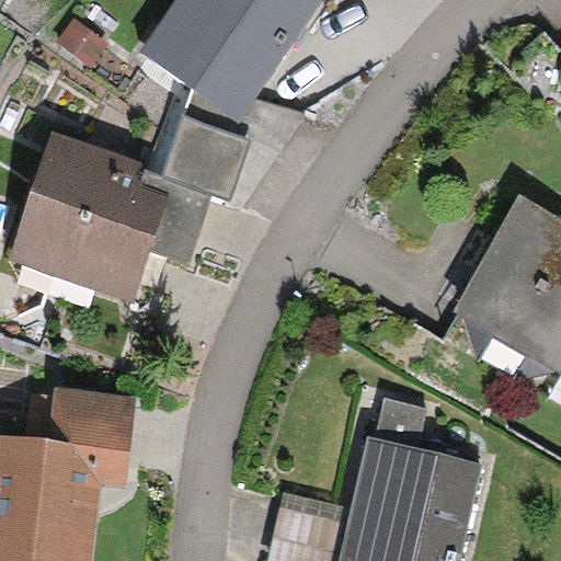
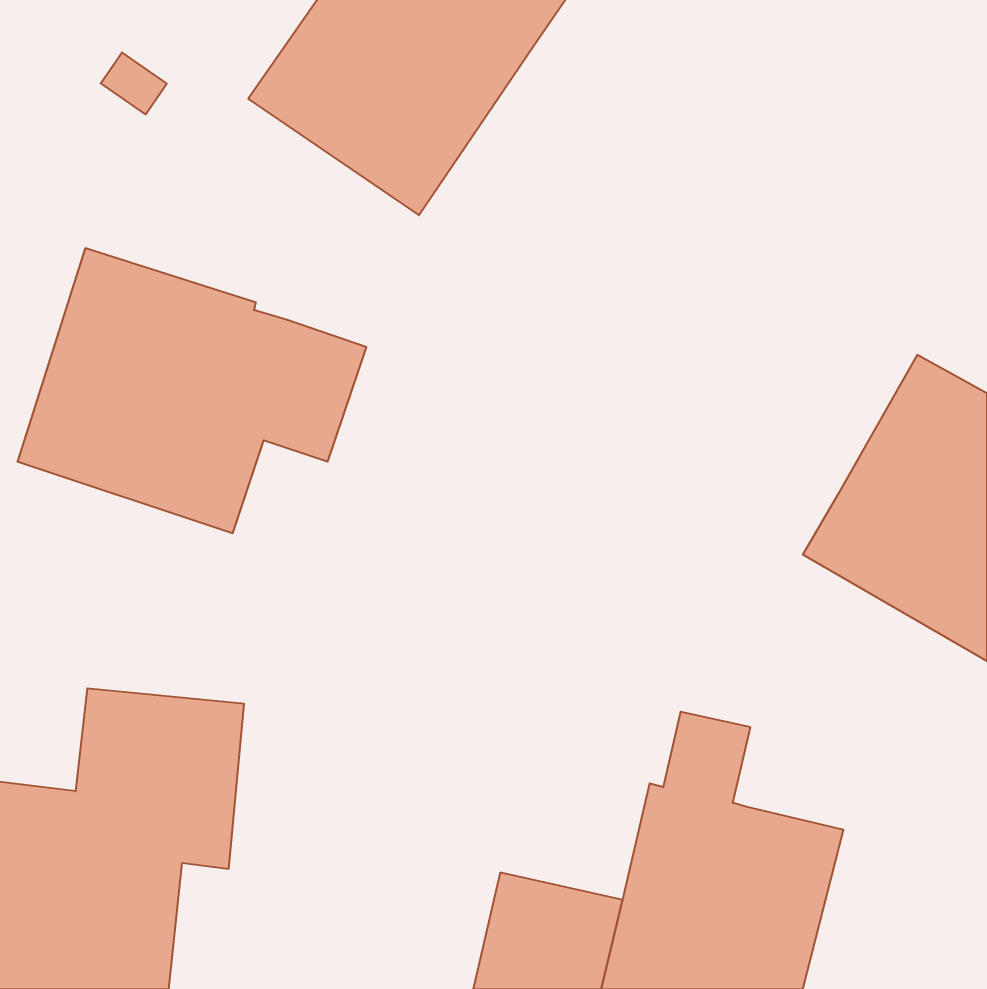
building: [162,118,249,202] -> none

